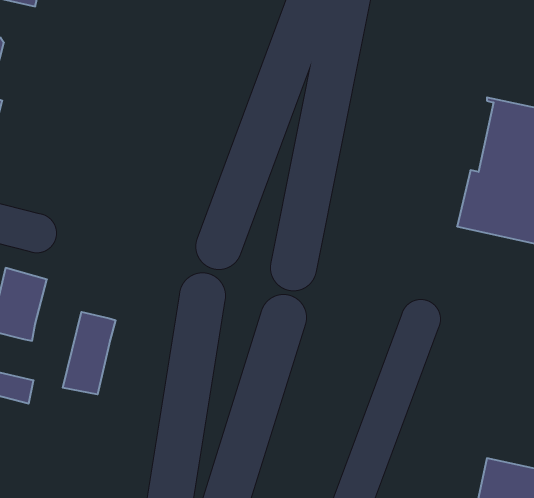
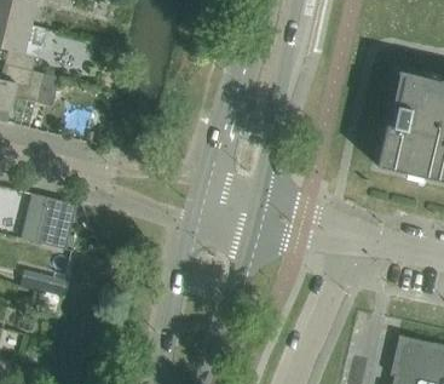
building: [63,312,116,394] -> none

